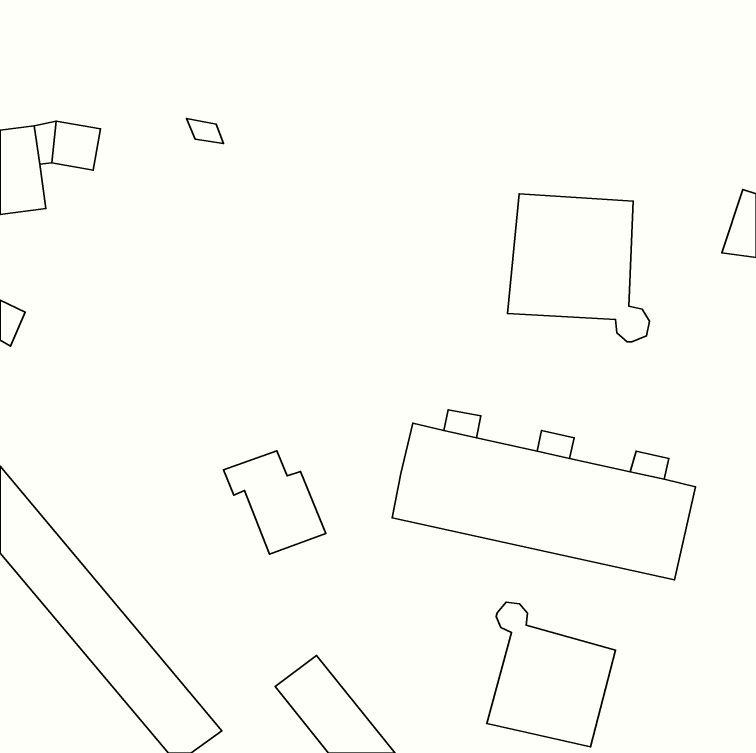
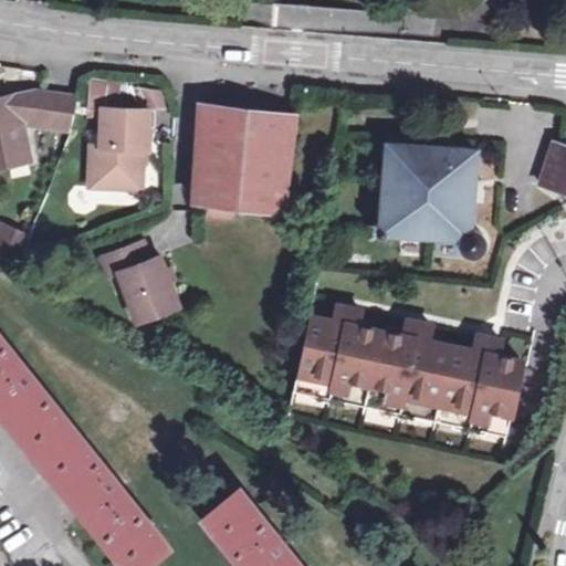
building: none -> [90,80,151,188]
building: none -> [192,103,295,220]
building: [224,451,326,554] -> [102,242,178,319]
building: [487,602,616,747] -> none

